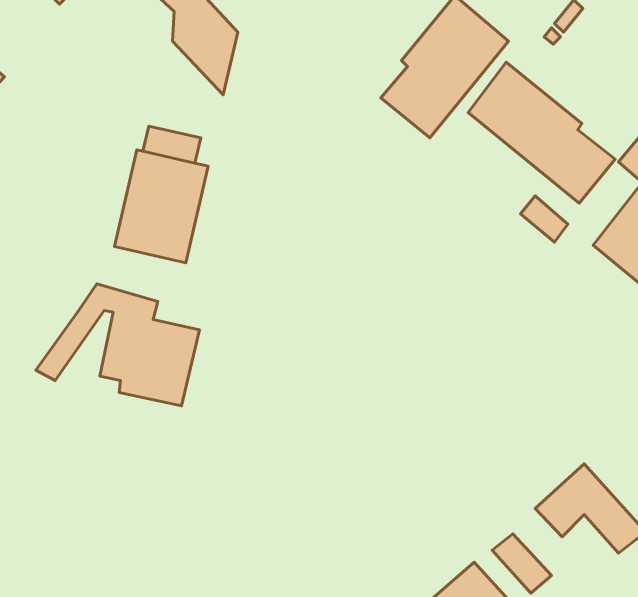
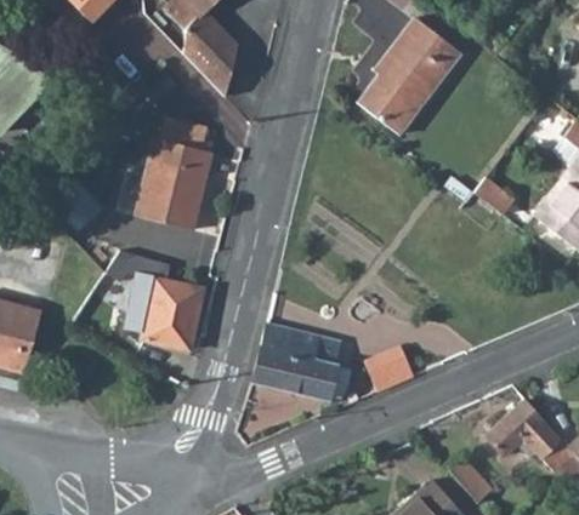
building: [468,62,615,203] -> none
building: none -> [251,322,350,399]
building: none -> [361,348,411,393]

